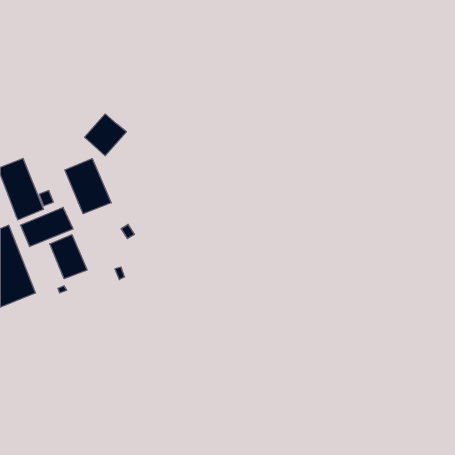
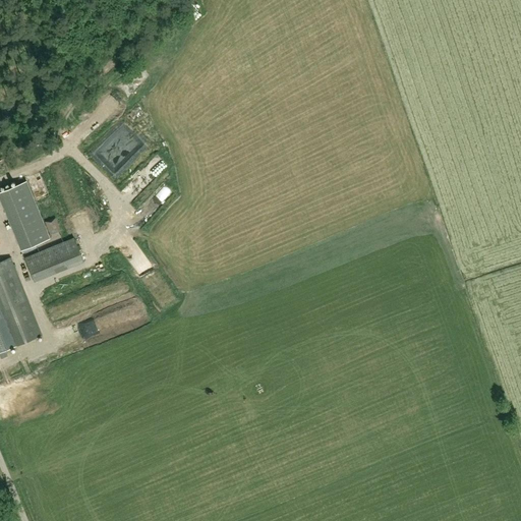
building: [65,159,111,214] -> none
building: [50,235,87,279] -> none

